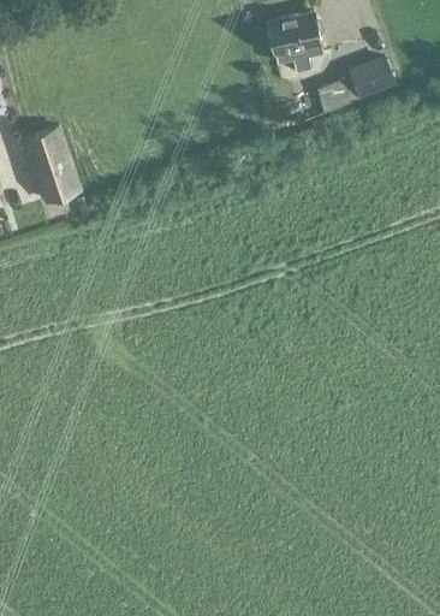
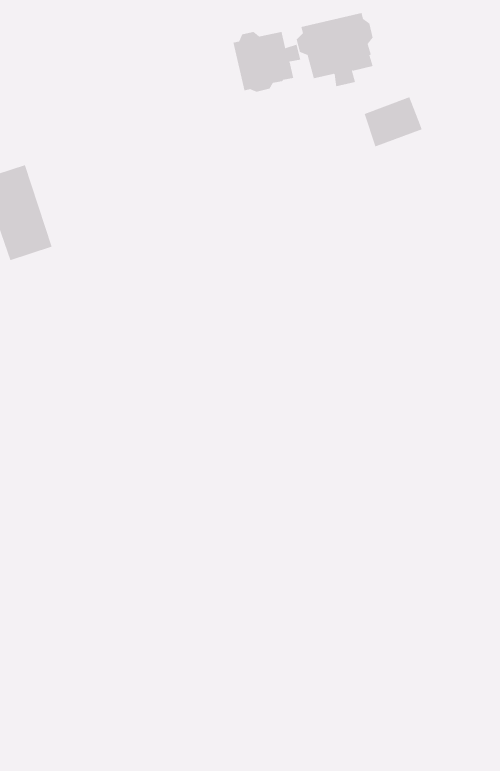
building: none -> [233,31,301,92]
building: [349,61,393,97] -> none

